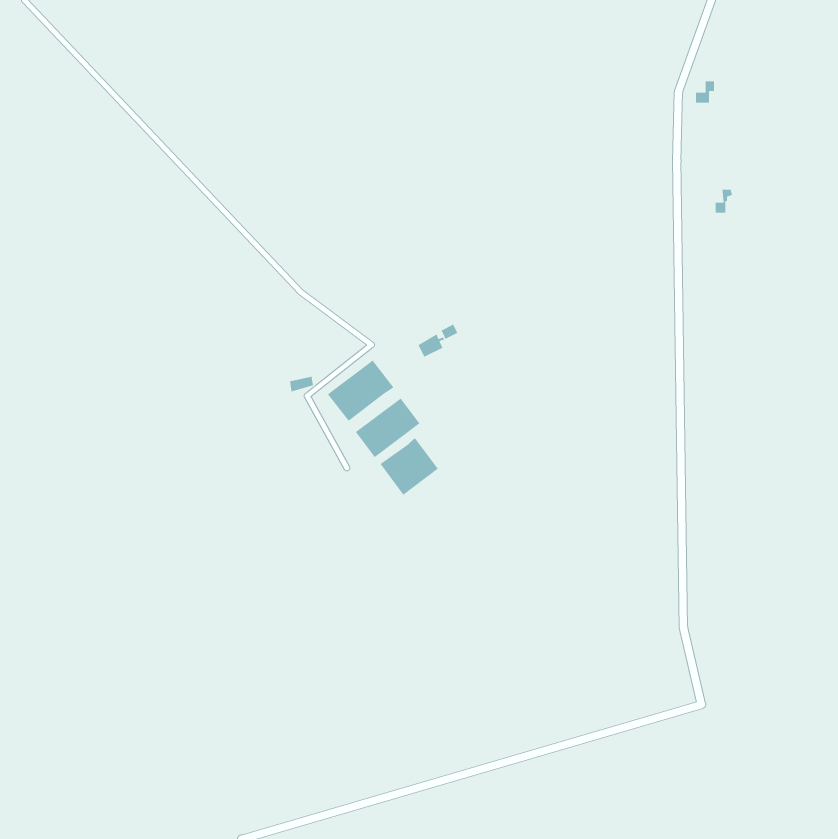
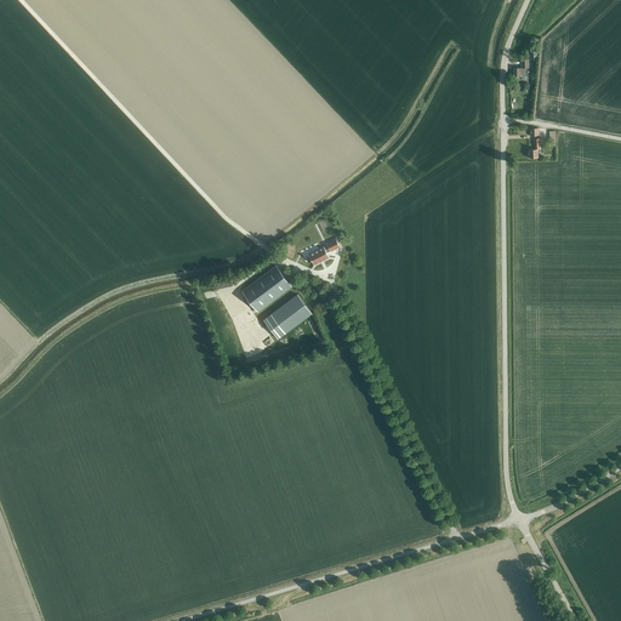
building: [380,437,439,496] -> none

